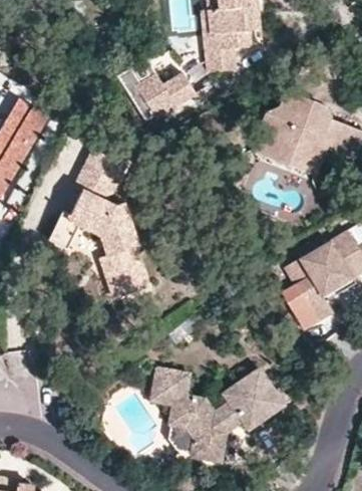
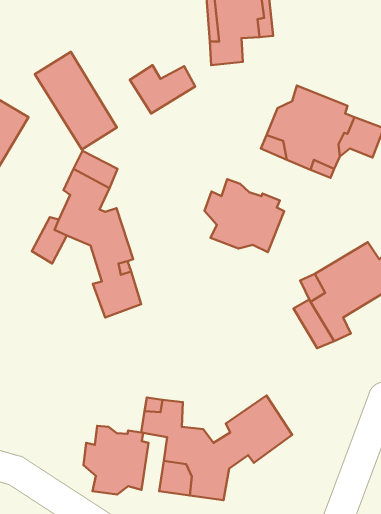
building: none -> [35,52,117,150]
building: none -> [204,179,284,252]
building: none -> [83,426,148,494]

